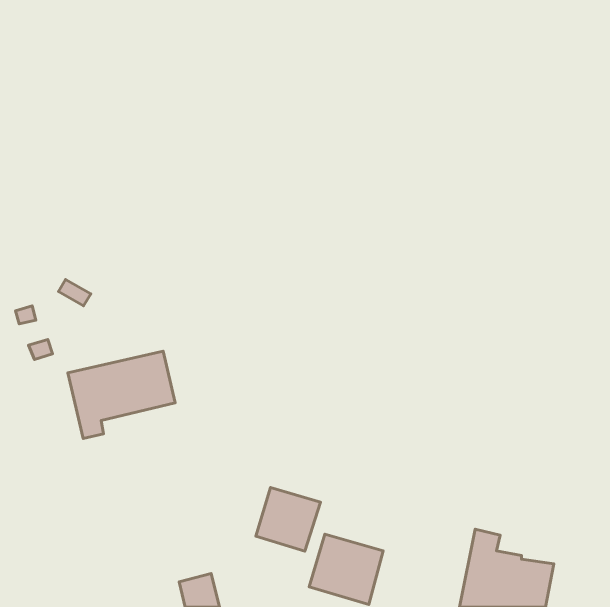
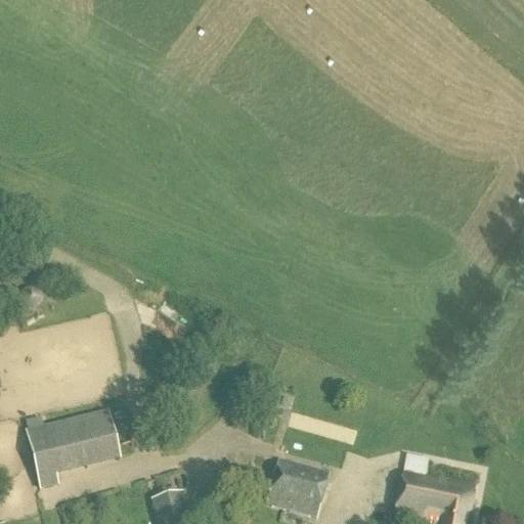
building: [68,351,175,439] -> [28,410,120,485]
building: [256,487,320,551] -> none

